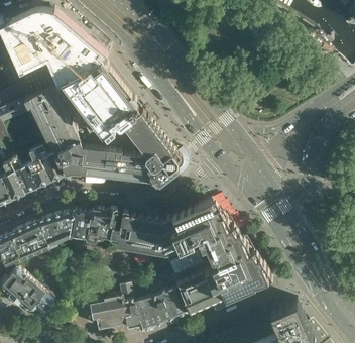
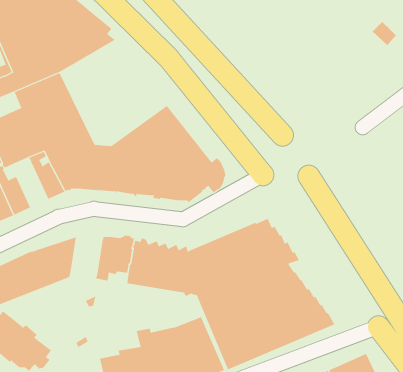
building: [60,60,142,136] -> none
building: [26,150,50,189] -> none
building: [69,211,93,240] -> none

